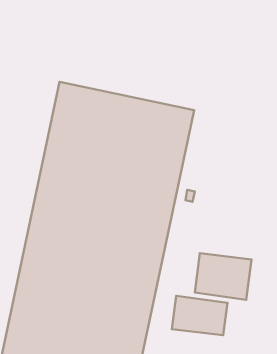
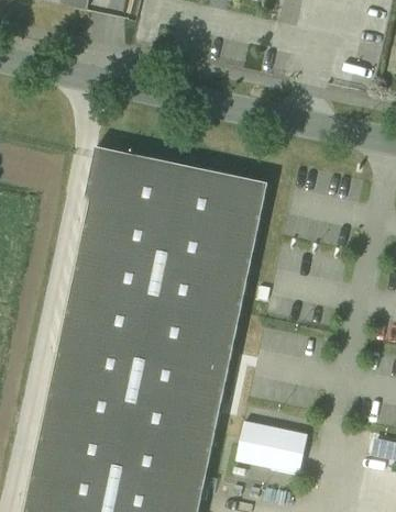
building: [195,253,251,300] -> none

